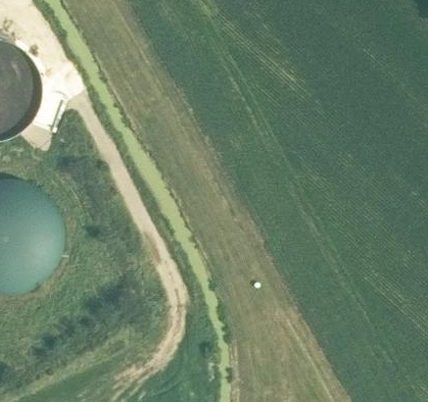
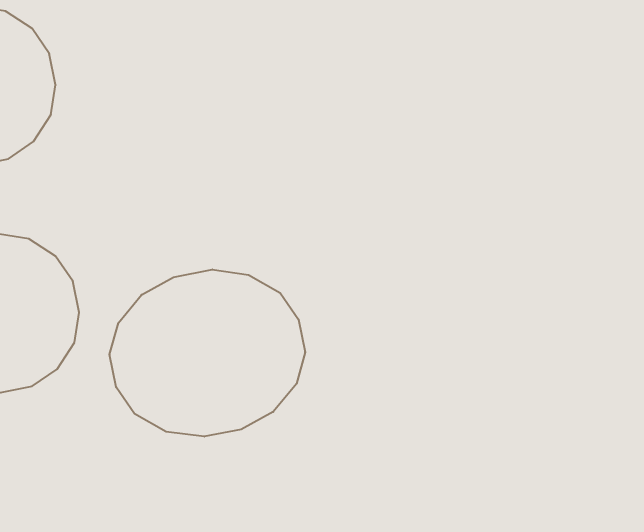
building: none -> [110,269,305,437]

